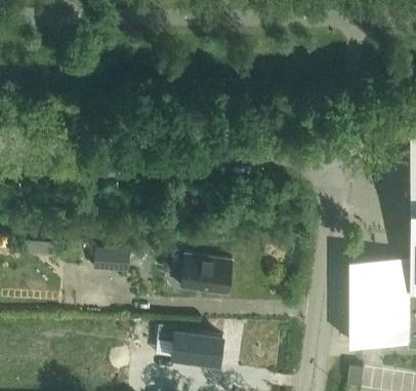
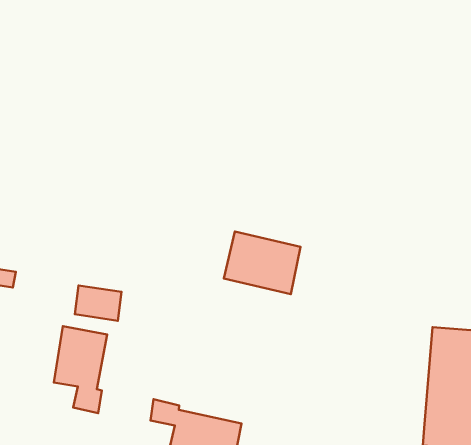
building: [180,257,233,298] -> [224,232,300,294]
building: none -> [54,326,107,413]

